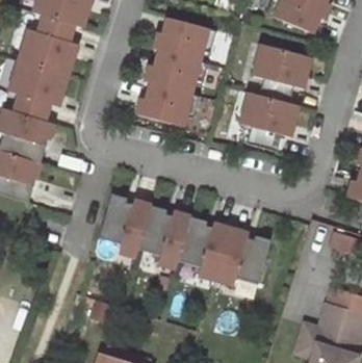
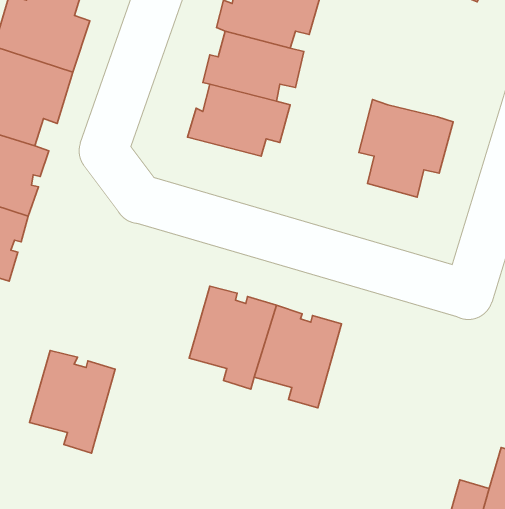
building: [253,44,310,102] -> none
building: [98,193,150,256] -> [30,350,115,453]
building: [215,228,269,284] -> none

